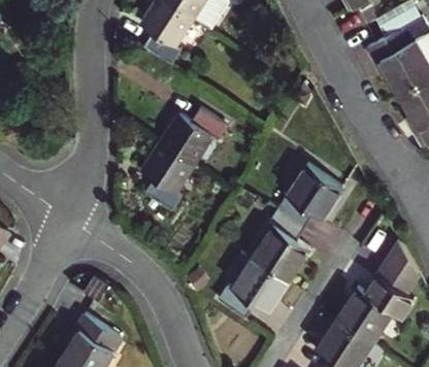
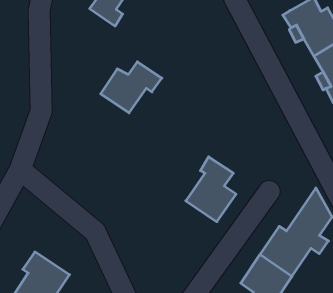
building: [138,137,190,205] -> none
building: [279,163,345,227] -> none
building: [219,258,289,318] -> none

